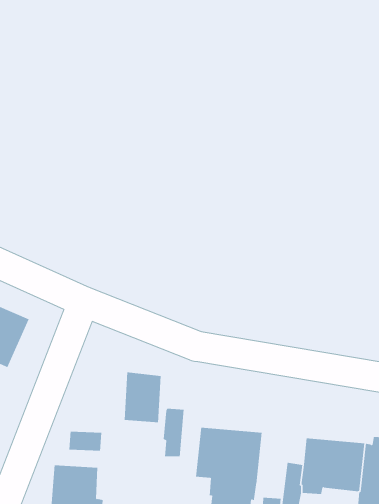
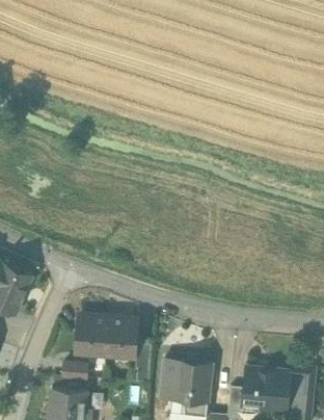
building: none -> [78,316,107,355]

